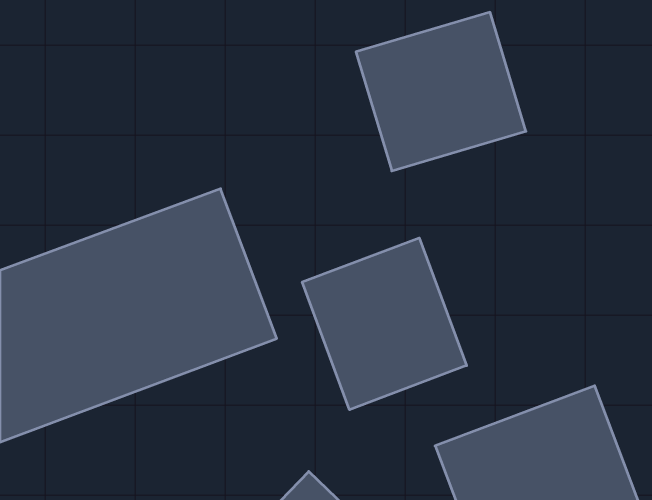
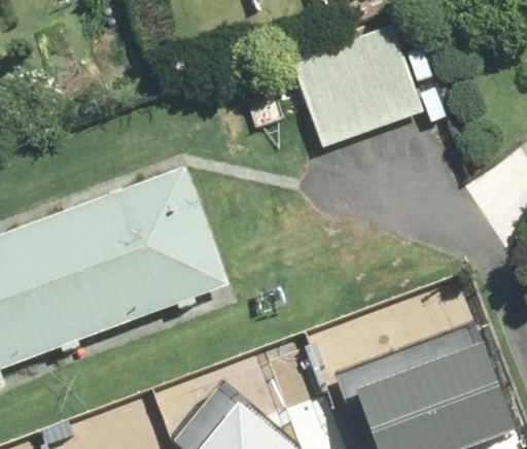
building: [302,238,467,410] -> none

